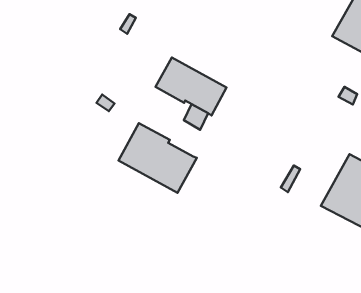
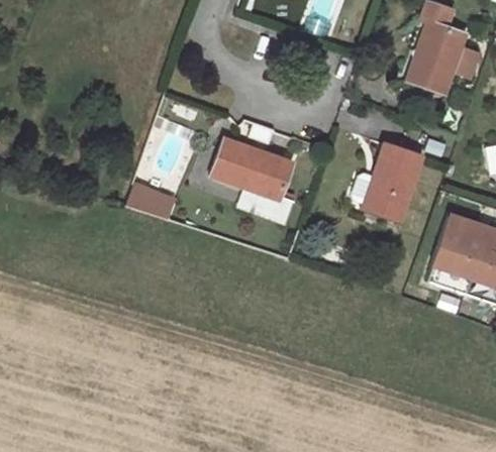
building: none -> [362,141,422,221]
building: [118,123,197,193] -> none

